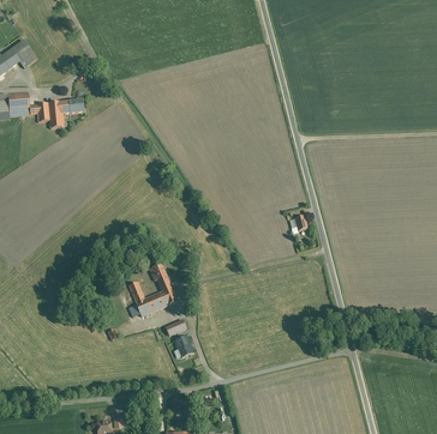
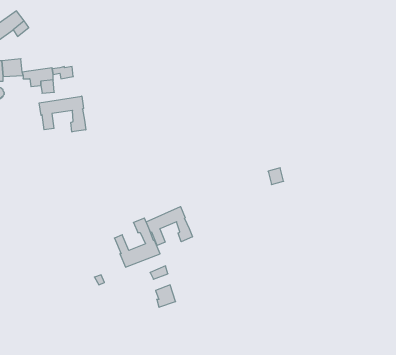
building: none -> [39,96,86,132]
building: none -> [146,207,192,245]

